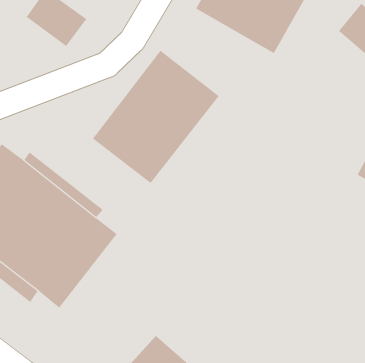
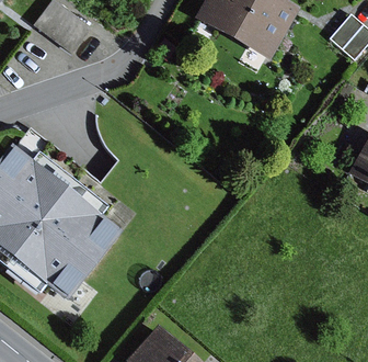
building: [92,50,219,184] -> none

